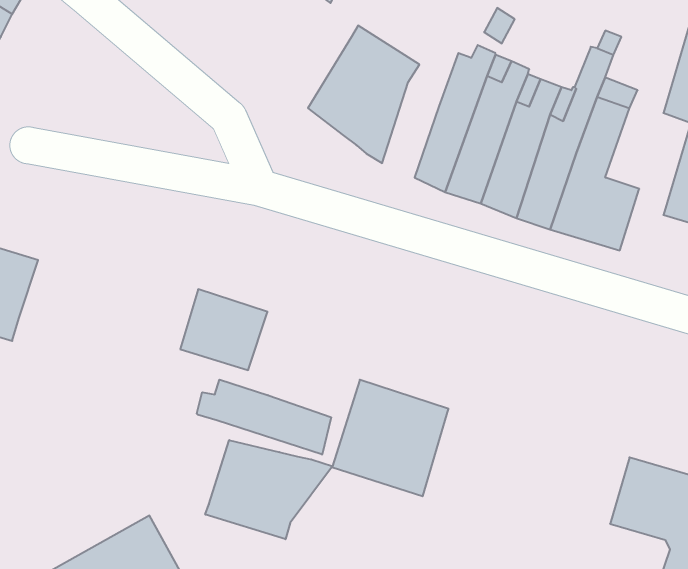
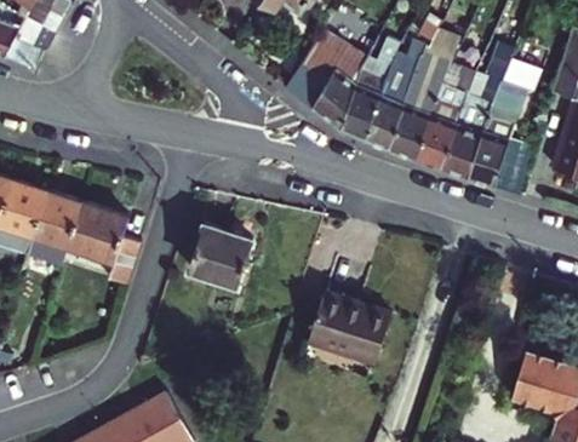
building: none -> [340,36,400,140]
building: none -> [68,202,142,286]
building: [197,380,331,455] -> none
building: [205,440,332,539] -> none

